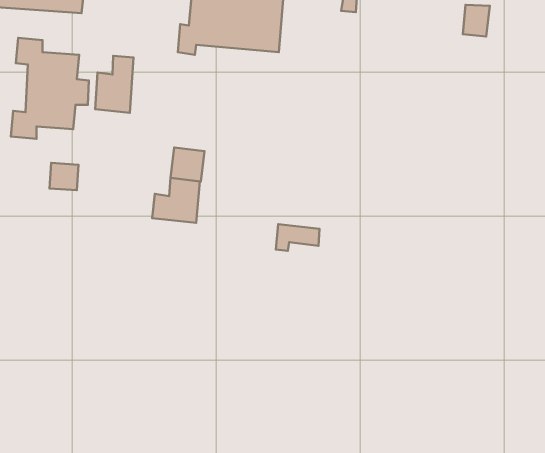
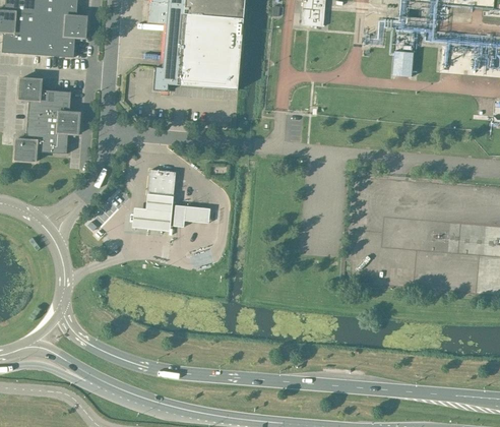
building: [95,56,134,113] -> none
building: [50,163,79,190] -> none
building: [276,224,320,251] -> [173,204,209,227]

